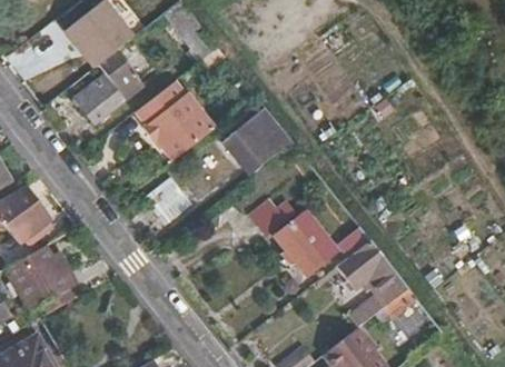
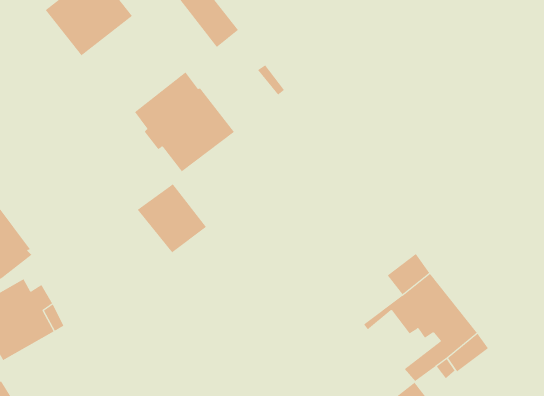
building: [73,50,143,125] -> none
building: [221,108,291,176] -> none
building: [249,197,296,236] -> none
building: [275,212,337,276] -> none

